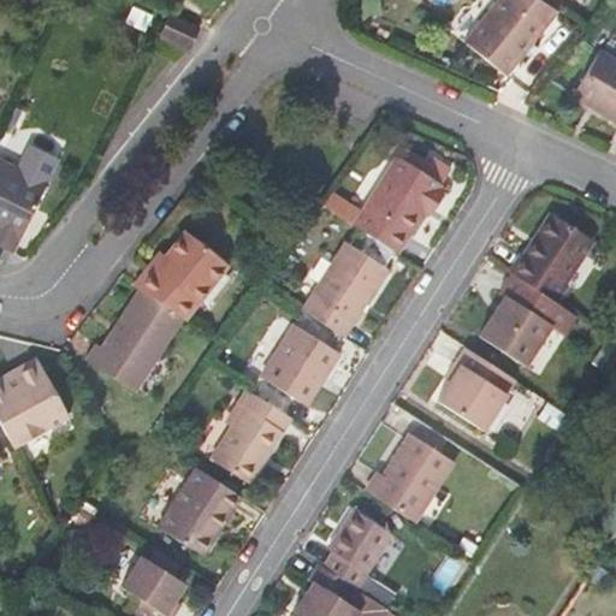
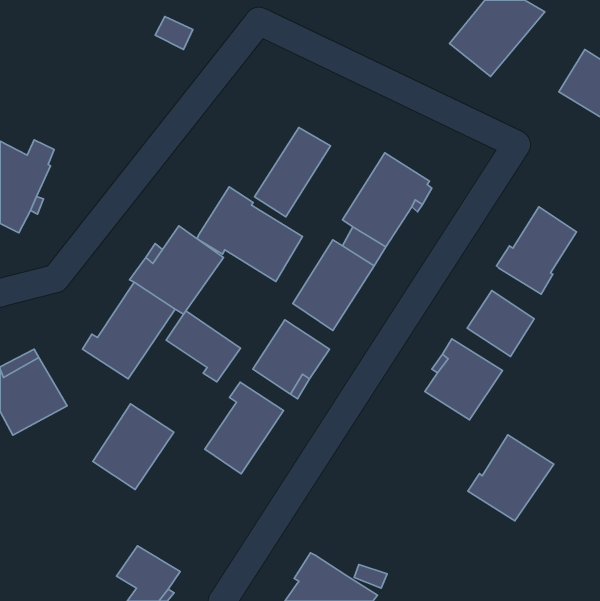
building: none -> [255,128,331,217]
building: none -> [197,187,302,281]
building: [499,274,575,334] -> none
building: none -> [166,311,240,382]
building: [368,434,456,522] -> [468,435,554,521]
building: [158,468,241,556] -> [93,404,174,490]
building: [324,511,390,588] -> none

